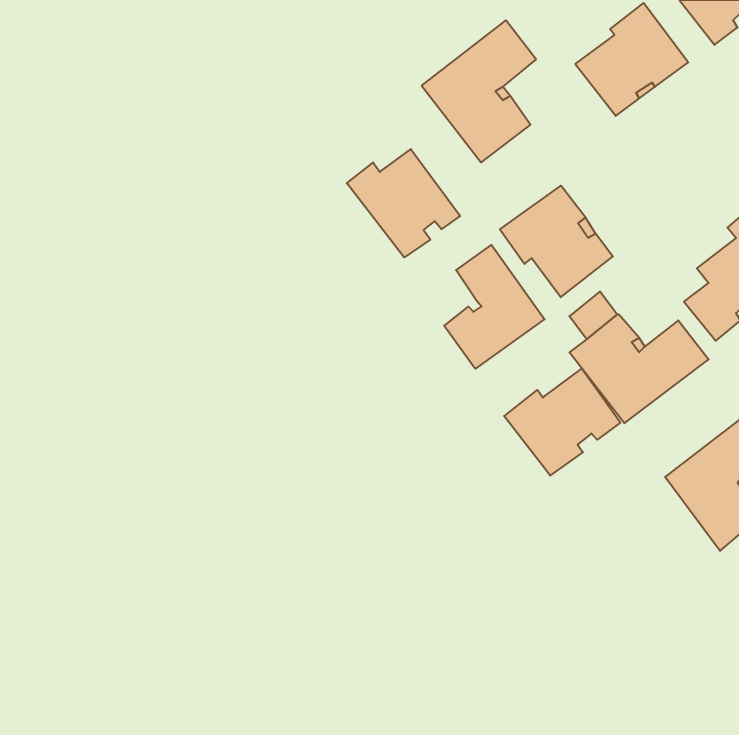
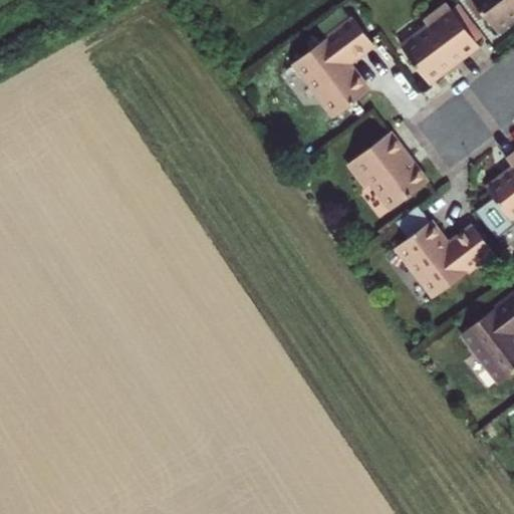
building: [347,149,460,257] -> none
building: [444,245,545,369] -> none
building: [504,368,620,476] -> none

